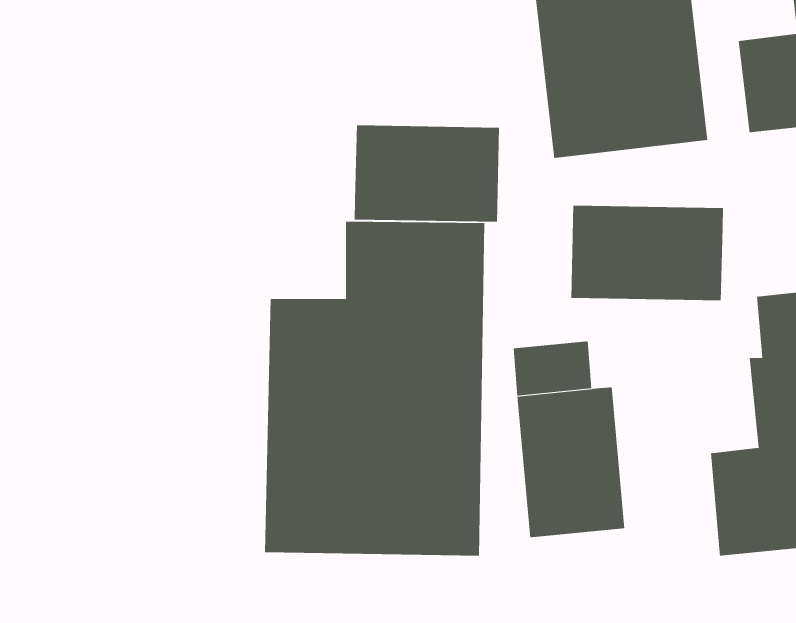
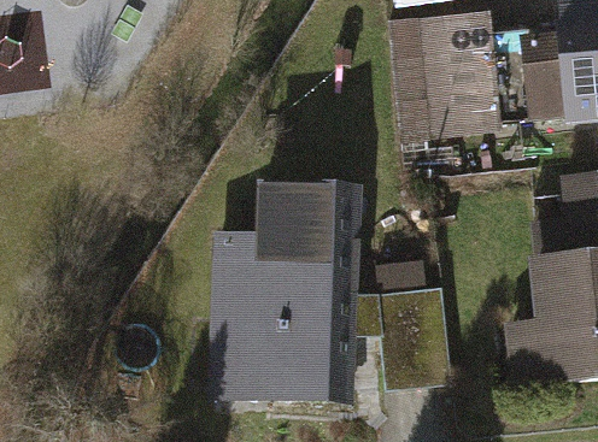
building: [354,125,499,222] -> none
building: [571,205,723,301] -> none

